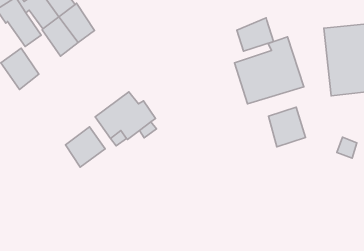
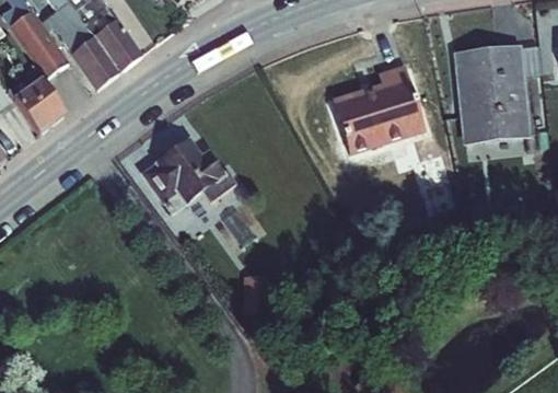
building: [237,18,274,51] -> none
building: [268,107,306,147] -> none
building: [66,127,105,167] -> none

